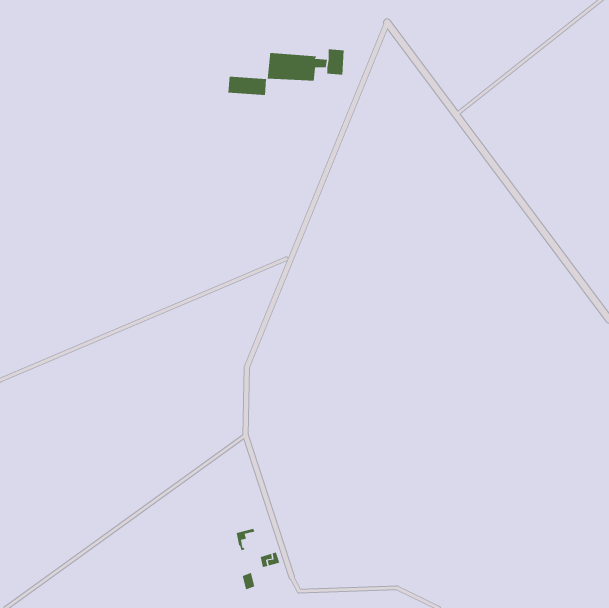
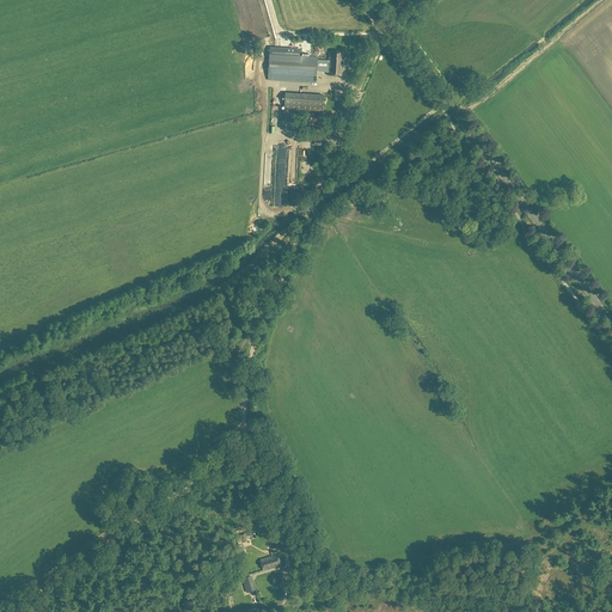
building: [228,76,267,95] -> [284,91,324,110]

